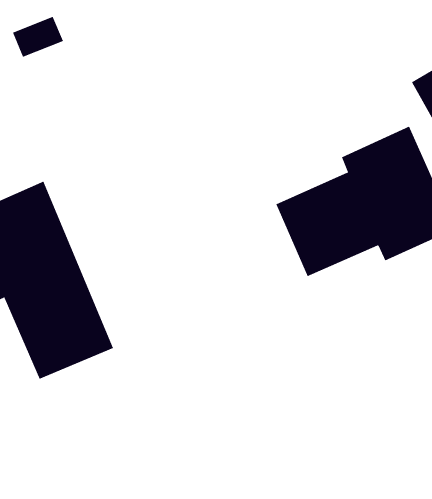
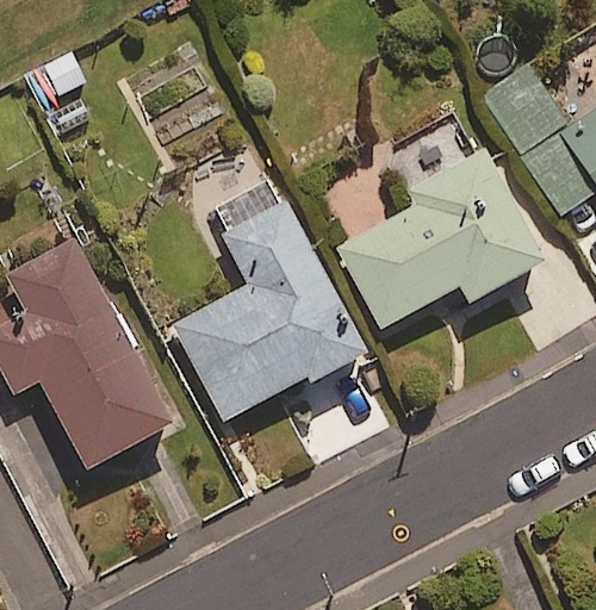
building: none -> [173,200,362,419]

